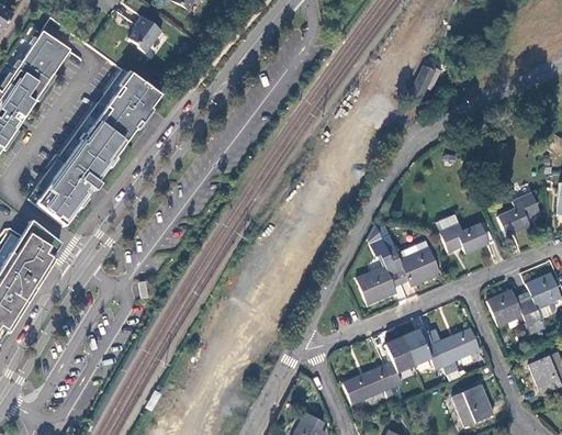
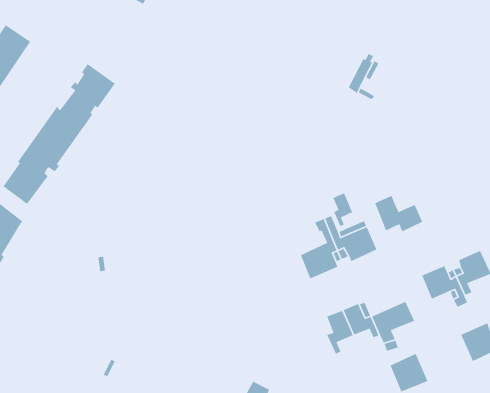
building: [127,15,160,53] -> none
building: [497,191,539,235] -> none
building: none -> [332,192,353,227]
building: [344,364,394,403] -> none

